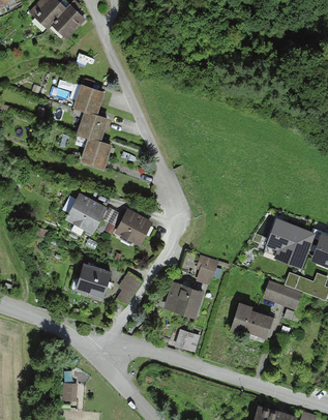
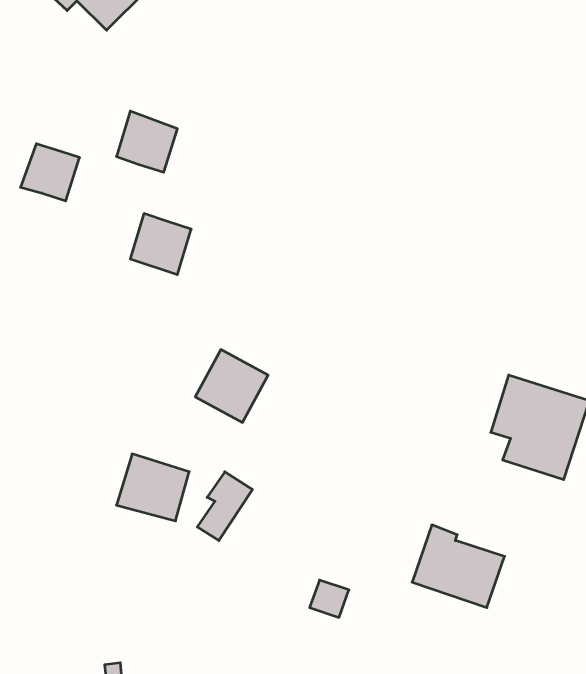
building: [76,111,107,141] -> [20,144,80,201]
building: [64,192,108,235] -> none
building: [193,254,218,284] -> none
building: [262,275,303,311] -> none
building: [162,281,205,320] -> none

